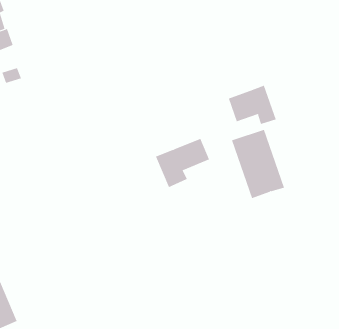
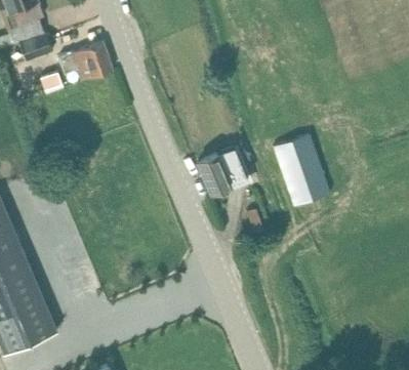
building: none -> [58,43,113,82]
building: [228,85,276,125] -> none

